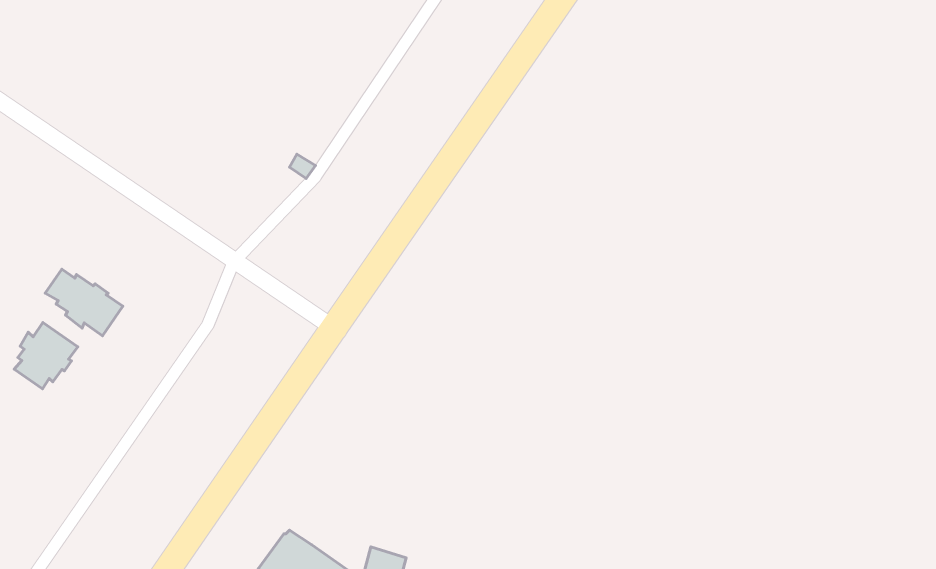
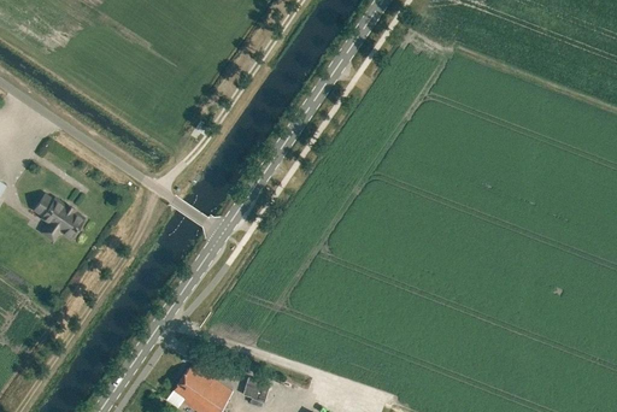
building: [14,323,78,389] -> none

